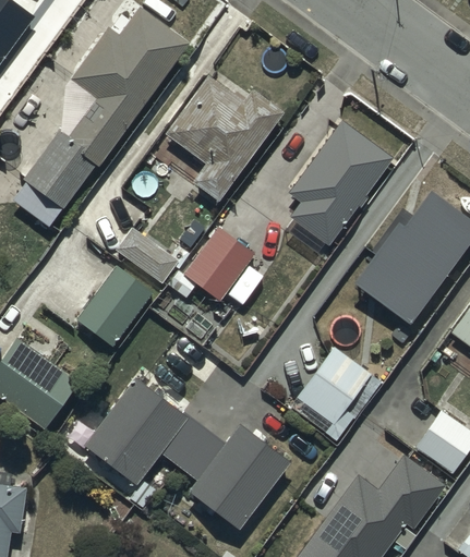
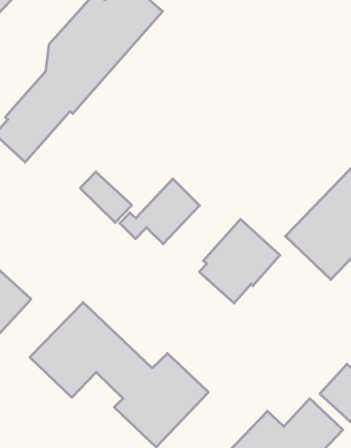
building: [165,75,281,202] -> none
building: [290,121,393,246] -> none
building: [76,266,153,347] -> none
building: [294,347,383,441] -> [199,219,280,303]

